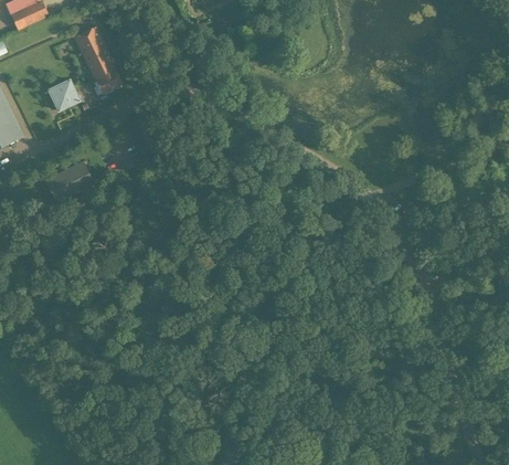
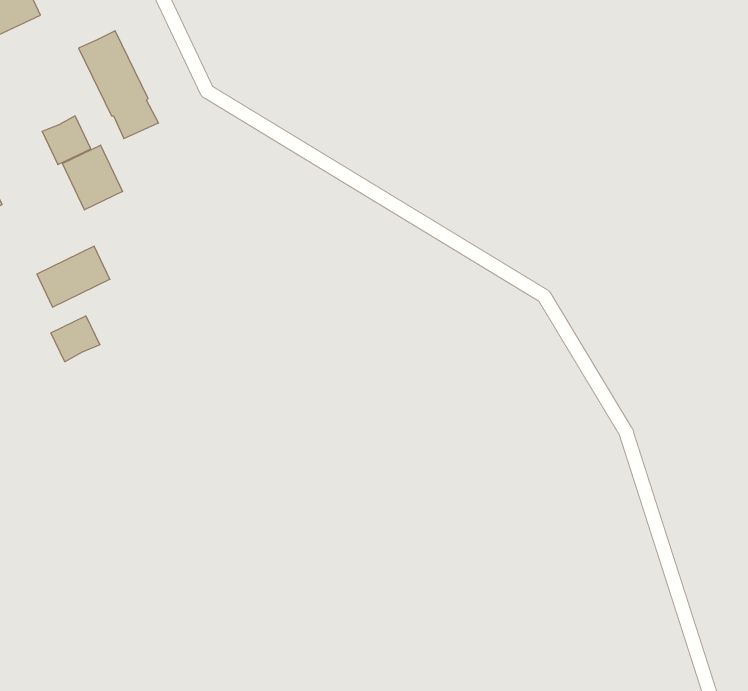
building: none -> [62,145,123,210]
building: none -> [51,316,100,362]

